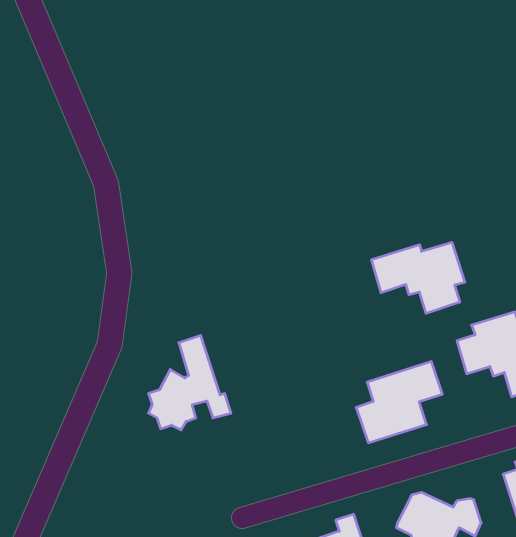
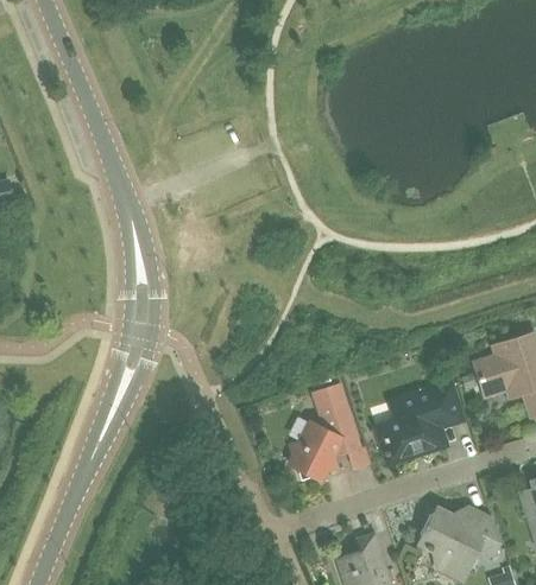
building: [372,242,465,313] -> none
building: [148,335,231,430] -> [290,387,371,479]

